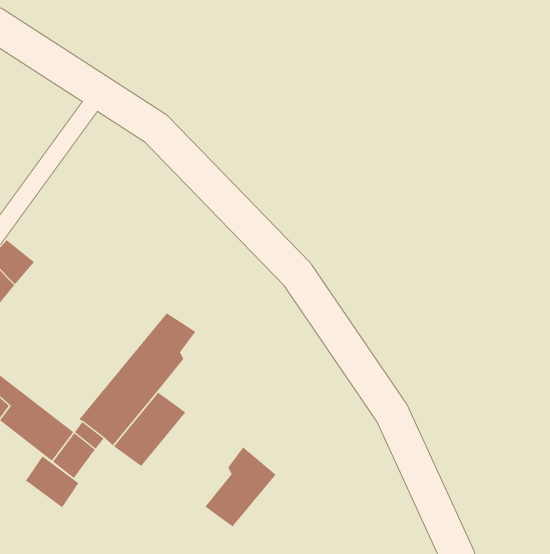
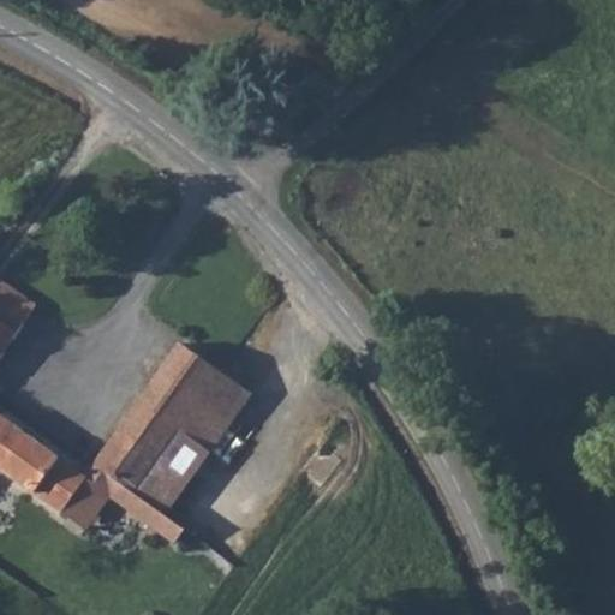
building: [205,447,276,527] -> [174,369,253,458]
building: [25,456,79,508] -> none

